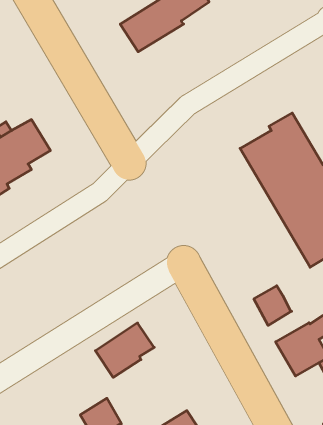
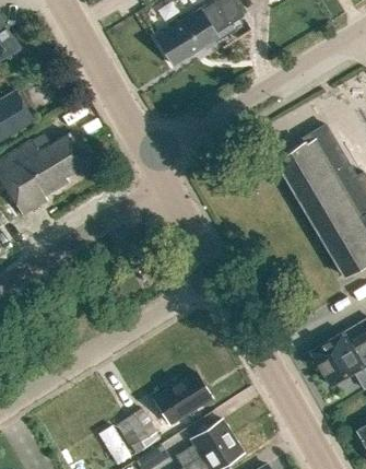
building: [254,286,292,325] -> none
building: [95,323,154,377] -> [153,371,211,424]

